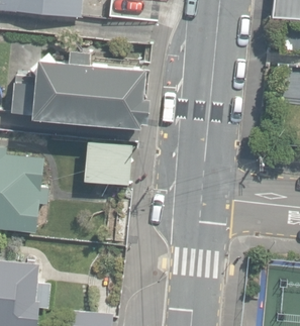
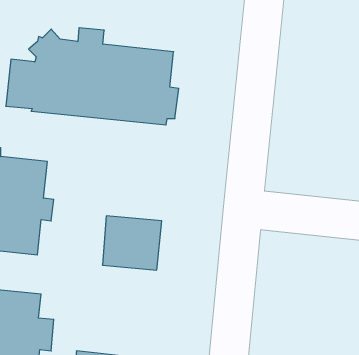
building: [84,141,131,185] -> [102,216,162,270]

